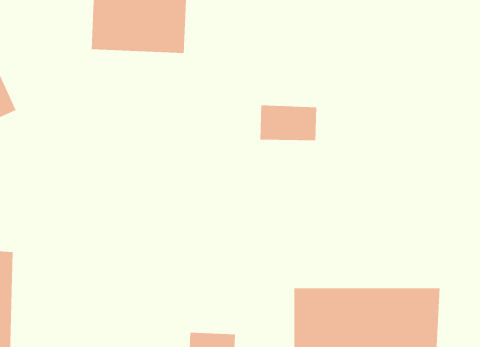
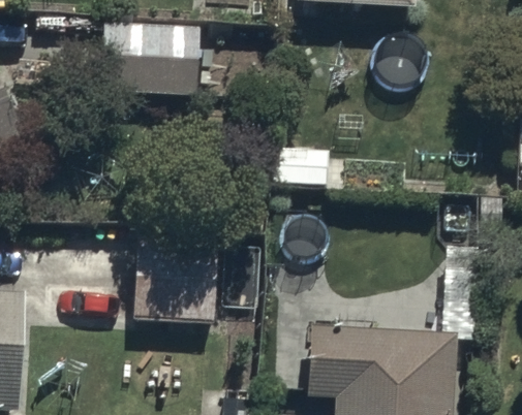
building: none -> [133,234,219,322]

